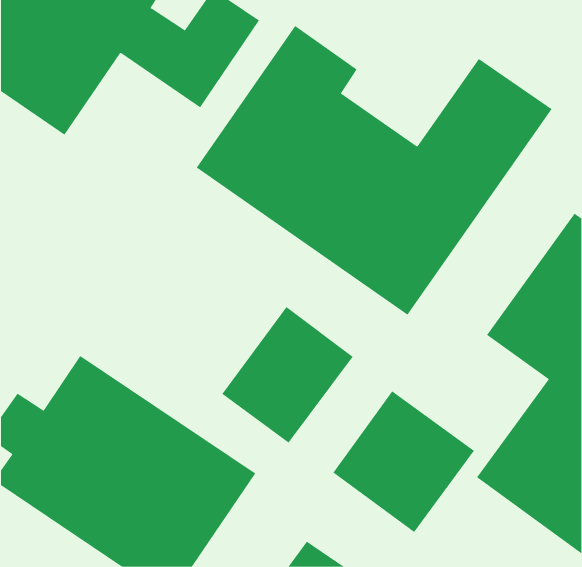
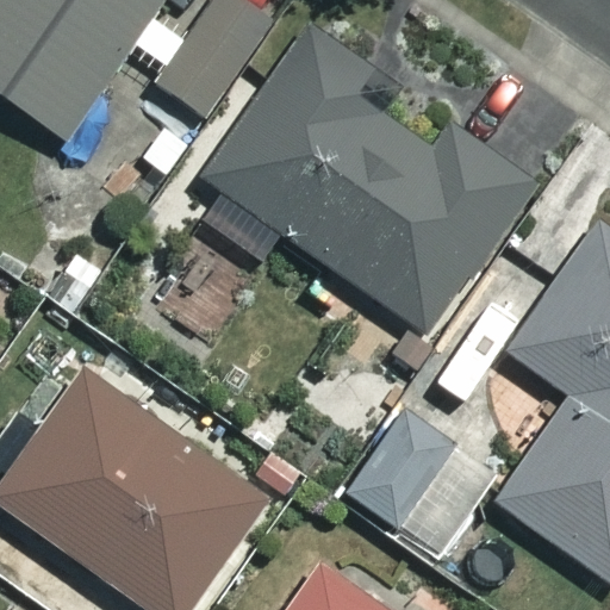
building: [221,306,354,444] -> none

